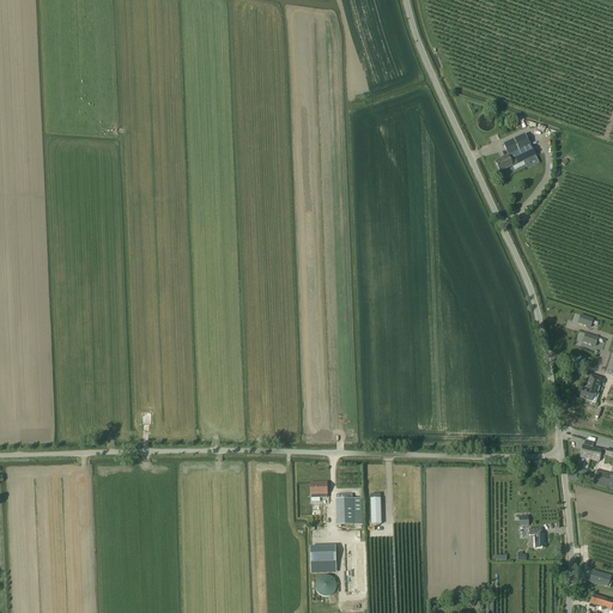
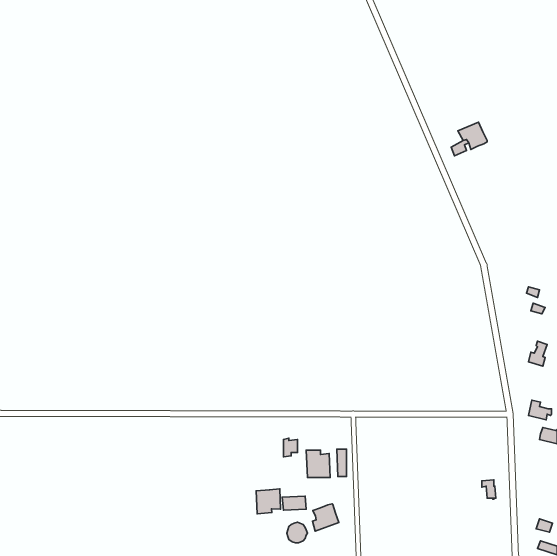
building: none -> [256,489,281,514]
building: none -> [313,504,339,531]

